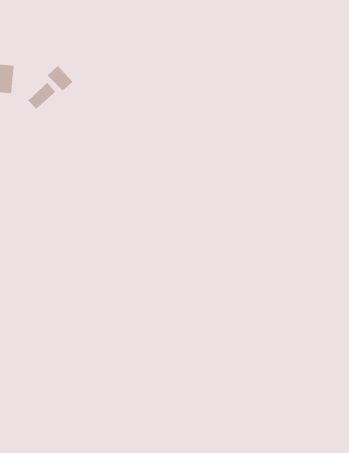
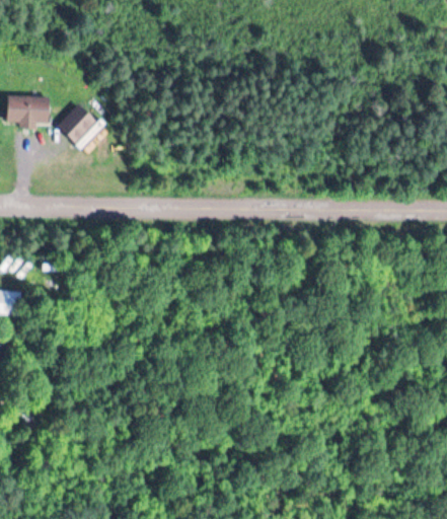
building: [47,65,73,92] -> none

